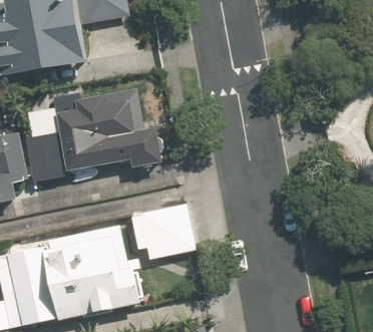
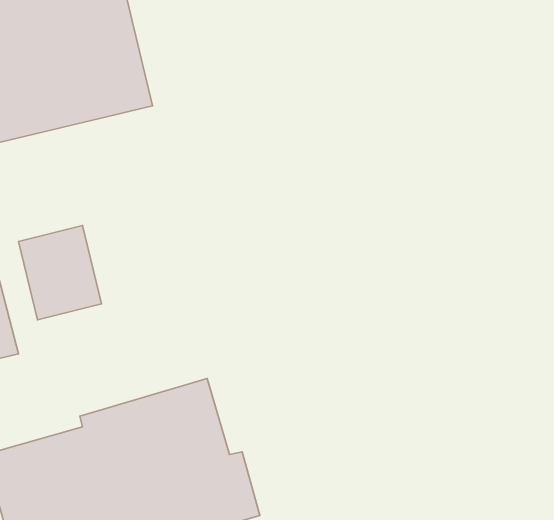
building: [61,87,167,170] -> none
building: [132,199,199,258] -> none

